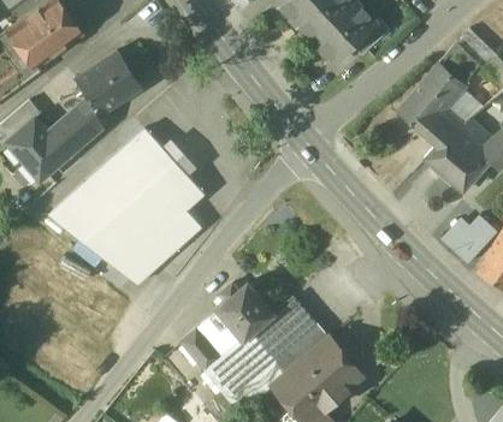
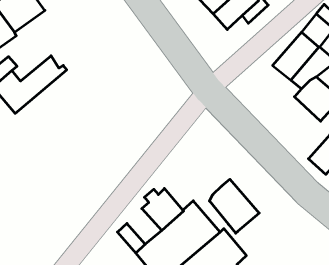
building: [77,52,143,117] -> none
building: [49,129,205,285] -> none
building: none -> [209,179,259,233]

